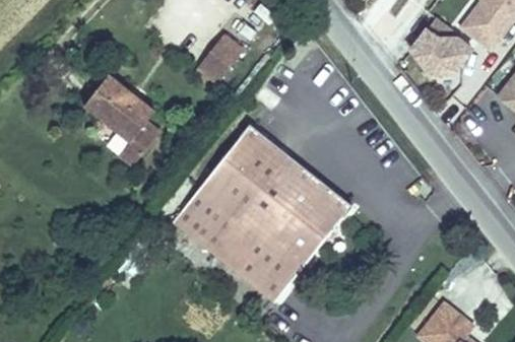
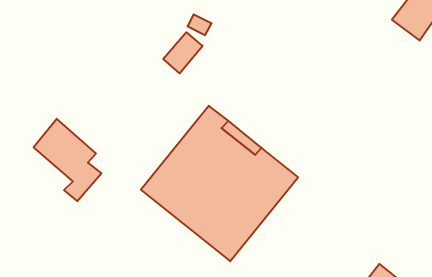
building: [408,16,472,69] -> none
building: [85,76,163,169] -> [34,119,101,201]

